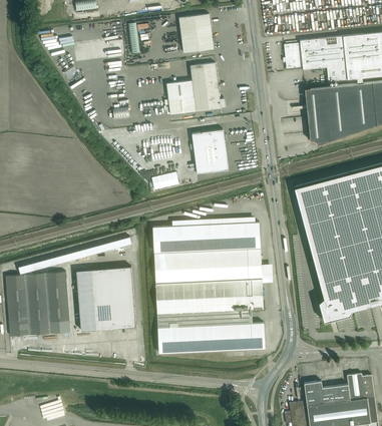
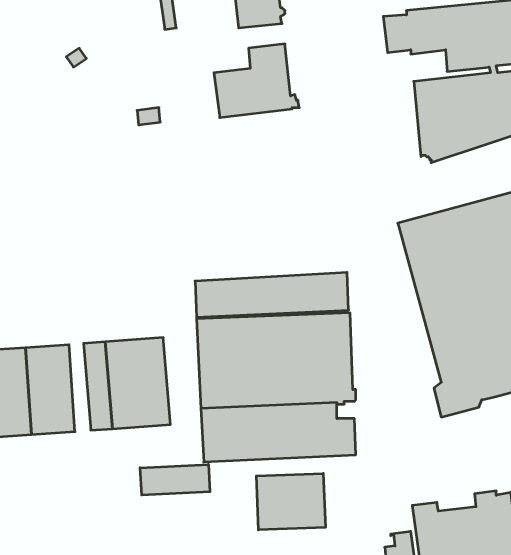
building: [192,129,229,173] -> none
building: none -> [140,464,210,495]
building: none -> [256,473,325,530]

